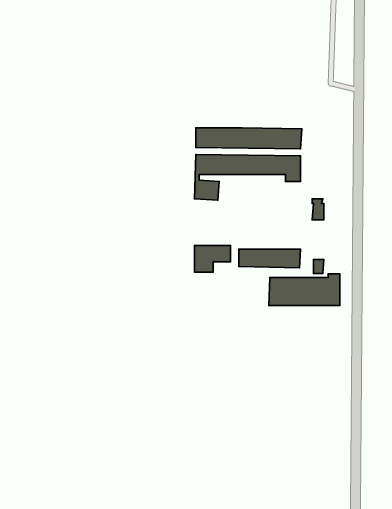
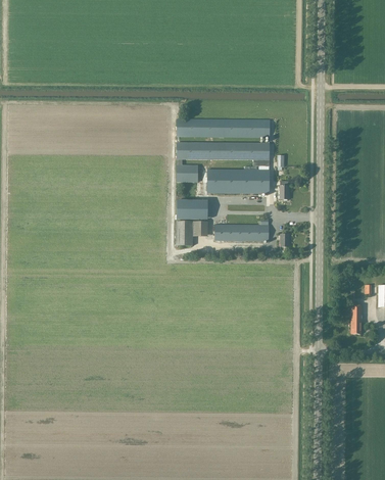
building: none -> [176,197,207,220]
building: [269,274,340,305] -> [206,165,269,193]

